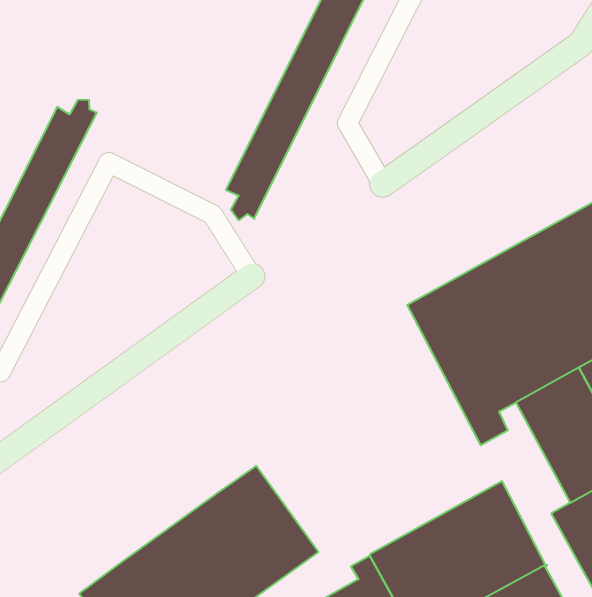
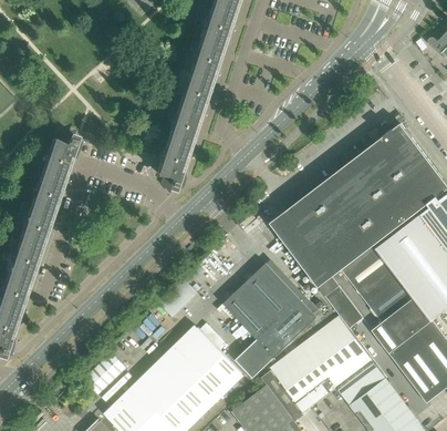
building: none -> [224,264,318,378]
building: none -> [325,286,364,328]

